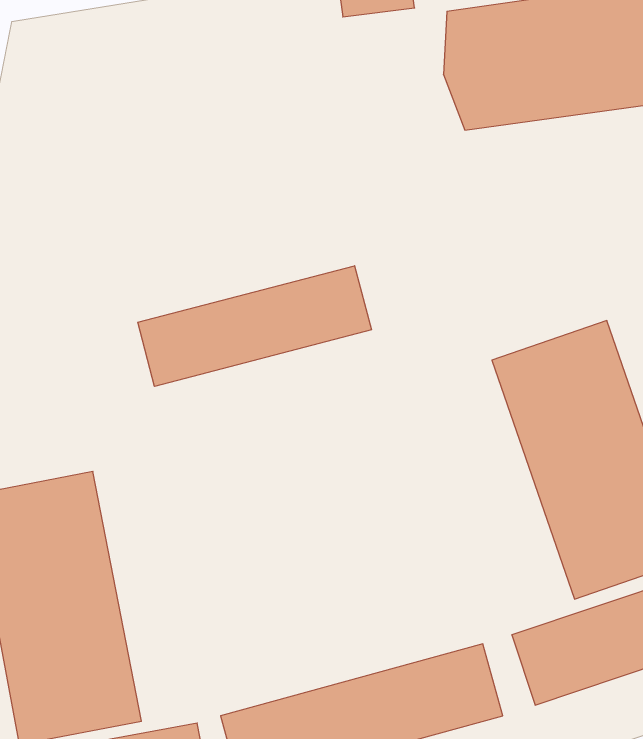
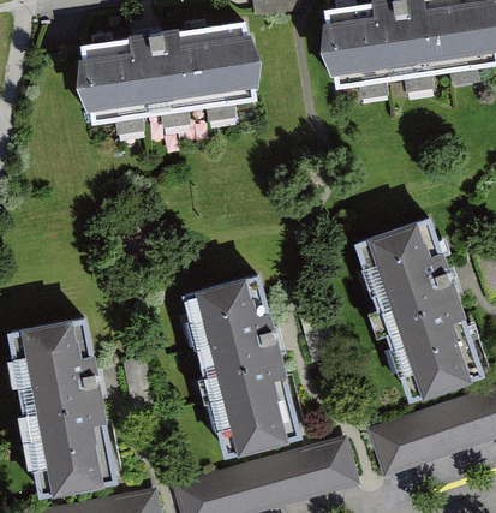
building: none -> [77,22,262,125]
building: [138,266,371,386] -> none
building: none -> [181,274,303,459]

